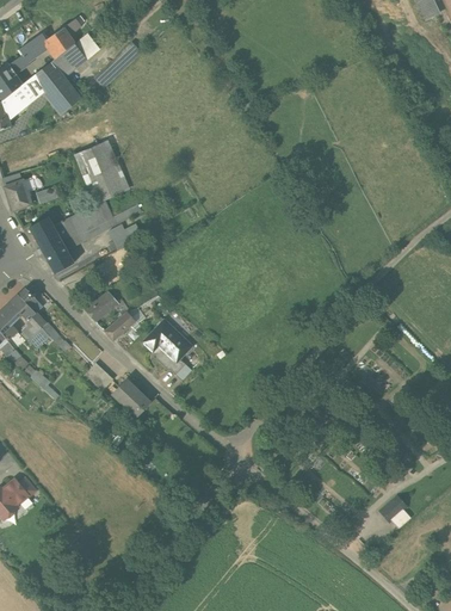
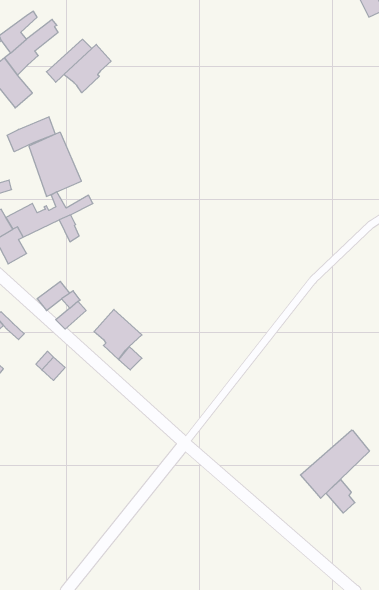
building: none -> [64,44,111,93]
building: none -> [7,117,55,152]
building: [113,379,149,415] -> none
building: none -> [300,430,369,498]

